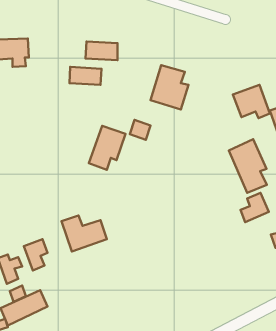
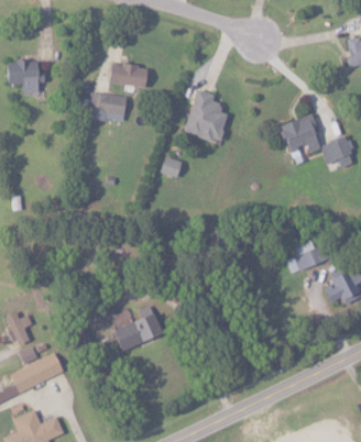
building: [89,126,126,170] -> none
building: [229,139,267,193] -> none
building: [62,215,107,251] -> [110,308,163,350]
building: [24,239,48,270] -> none

